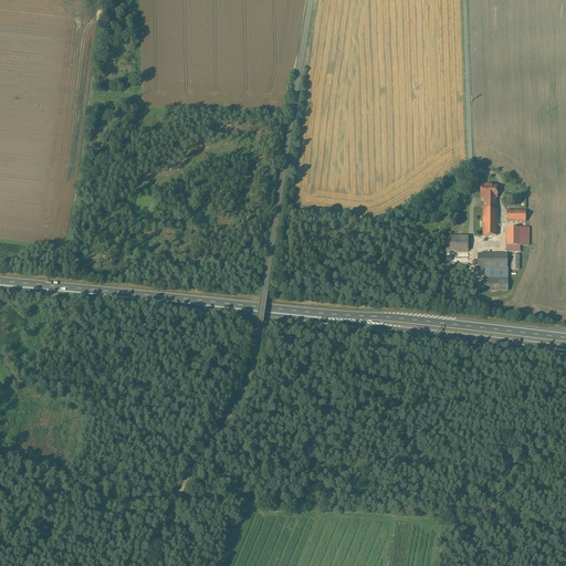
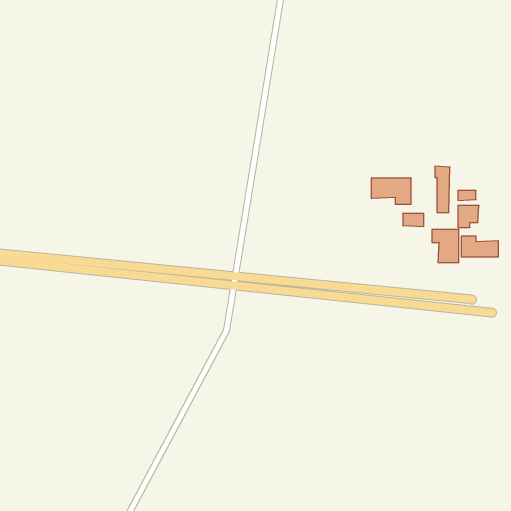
building: none -> [372,178,411,204]
building: none -> [461,236,498,257]

